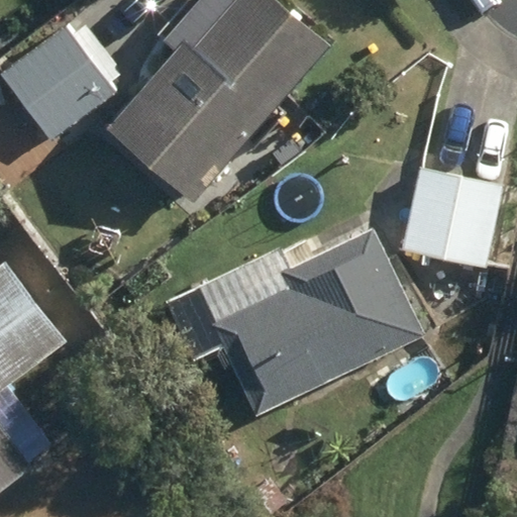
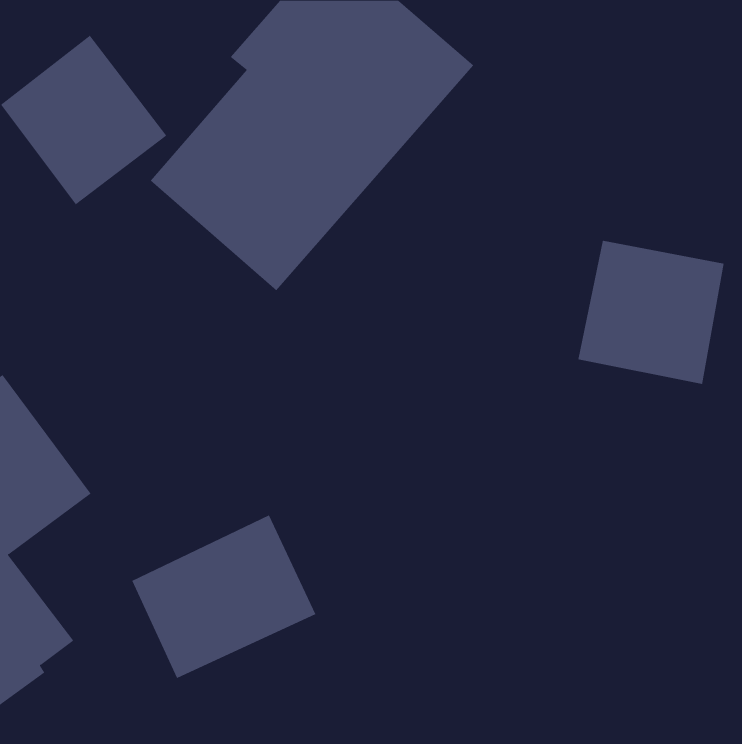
building: [211,225,424,413] -> none
building: none -> [132,515,316,679]

